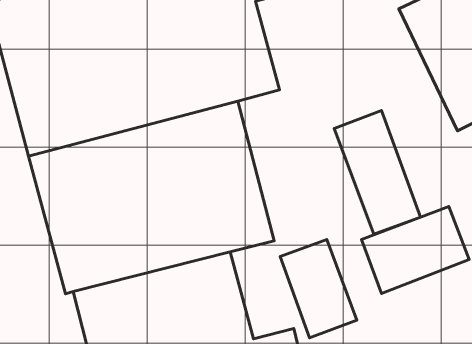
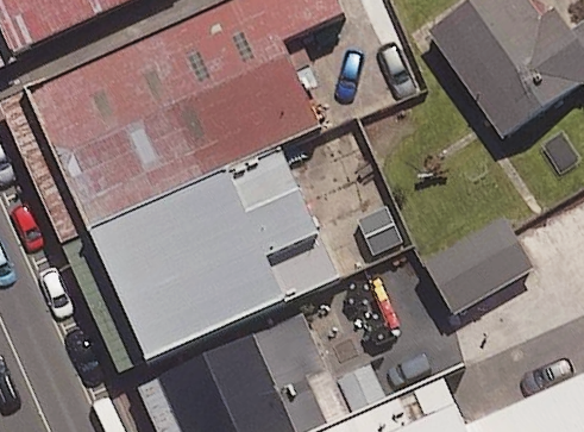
building: [334,111,421,234] -> none
building: [280,239,357,338] -> none

